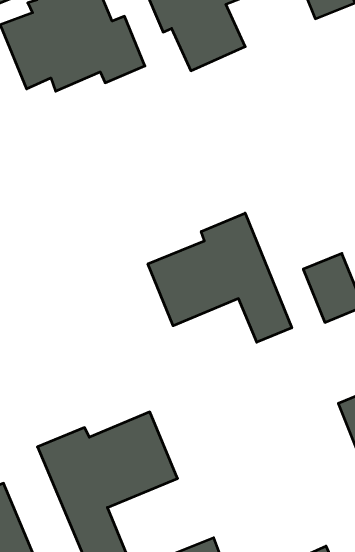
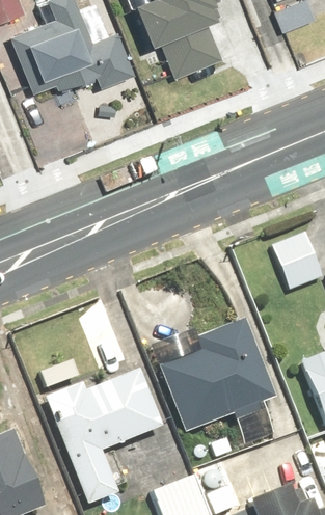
building: [148,213,292,342] -> none
building: none -> [160,318,277,431]

